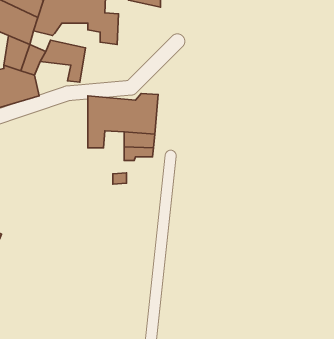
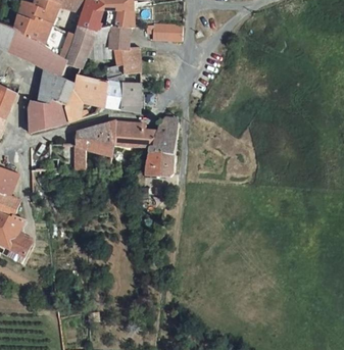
building: none -> [106,61,140,112]
building: none -> [65,90,98,120]
building: none -> [72,120,113,168]

